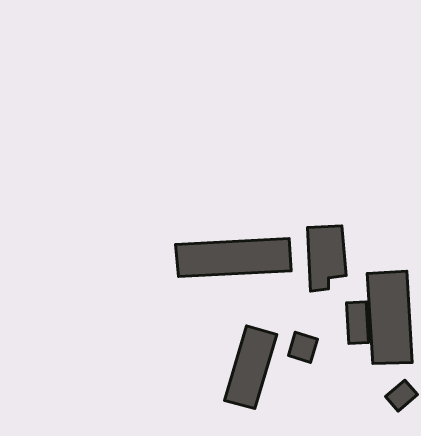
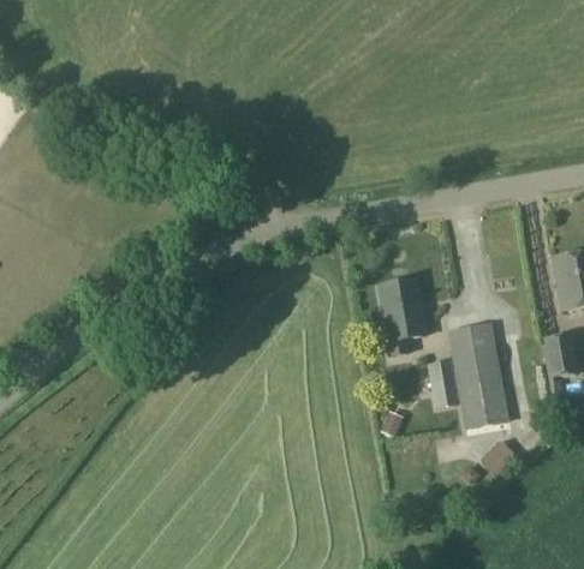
building: [175,239,291,277] -> none
building: [224,326,277,408] -> none

